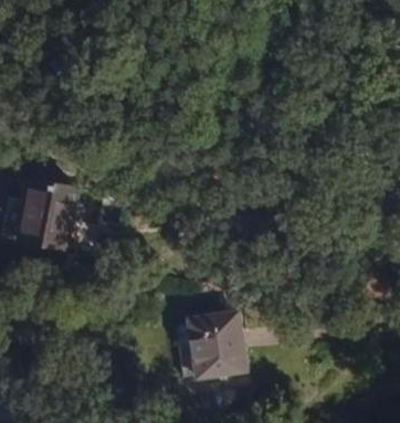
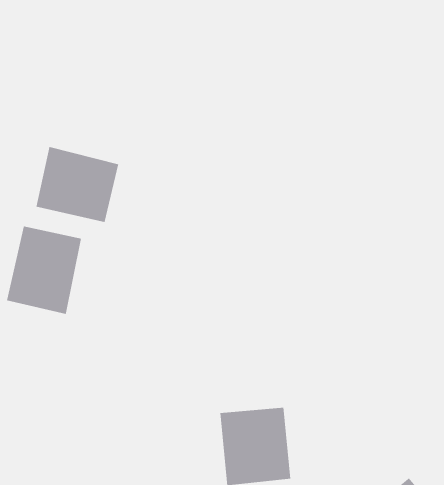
building: none -> [36,146,119,223]

